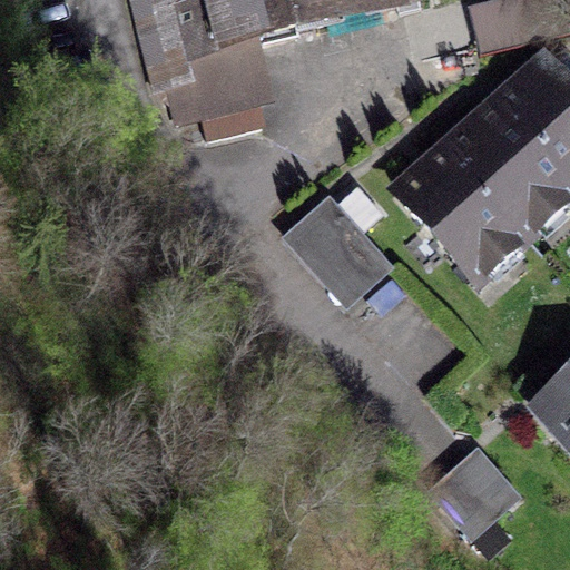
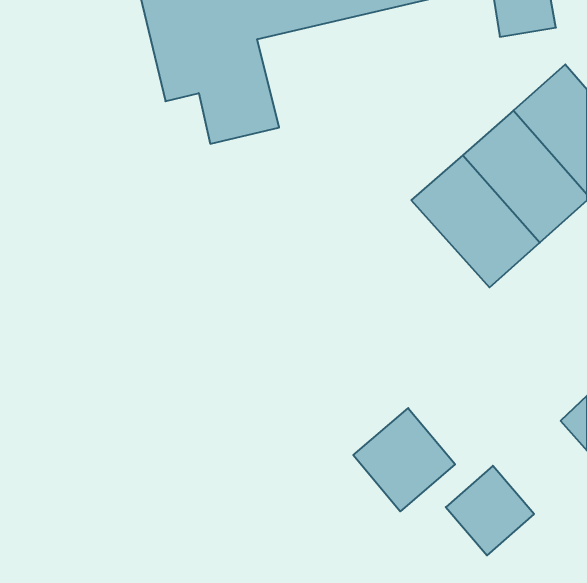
building: [286,199,390,306] -> none
building: none -> [353,408,455,511]

